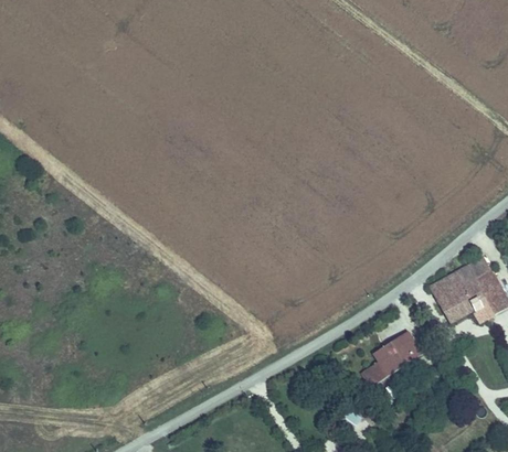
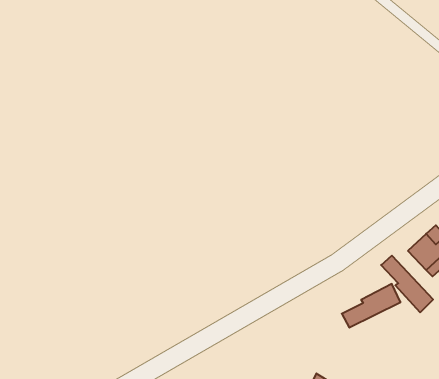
building: none -> [381,256,433,312]

